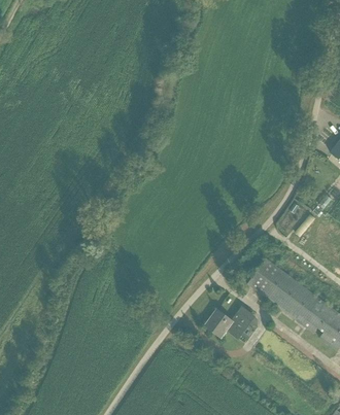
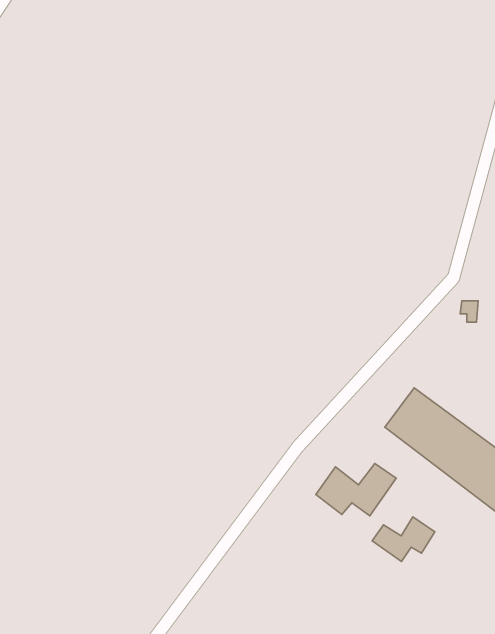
building: none -> [372,517,435,561]

